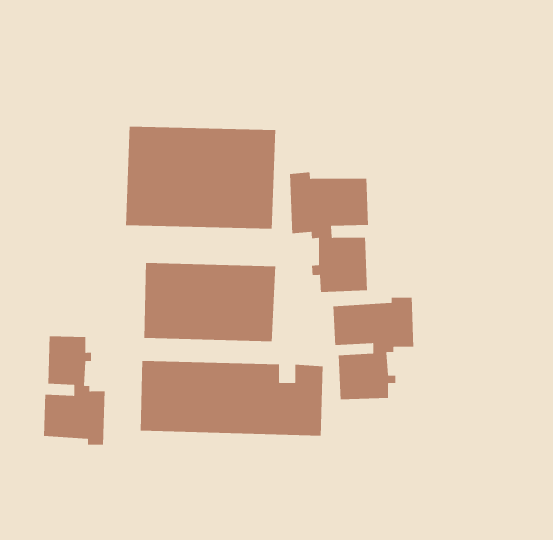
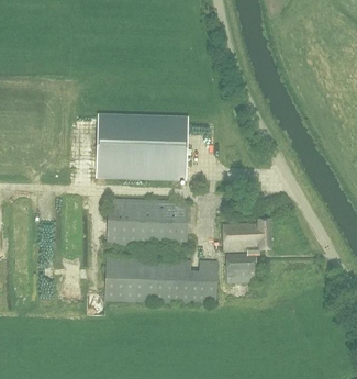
building: [289,172,369,293] -> none
building: [43,335,105,445] -> none

